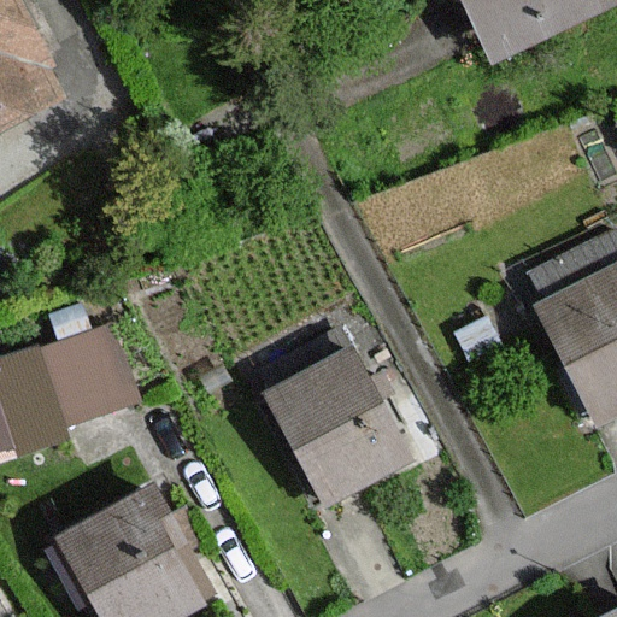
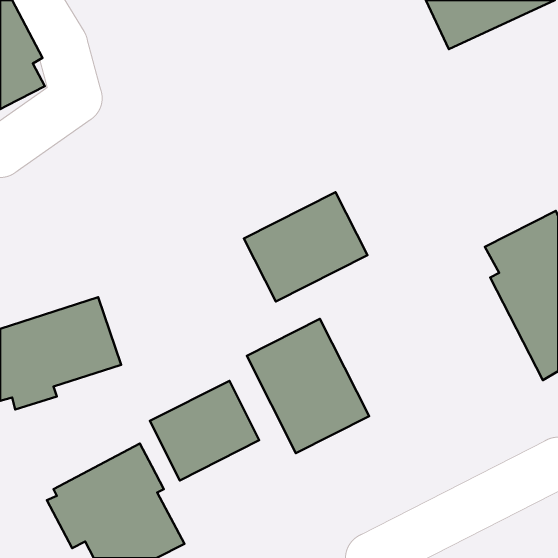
building: none -> [244,192,367,301]
building: none -> [150,381,259,480]

